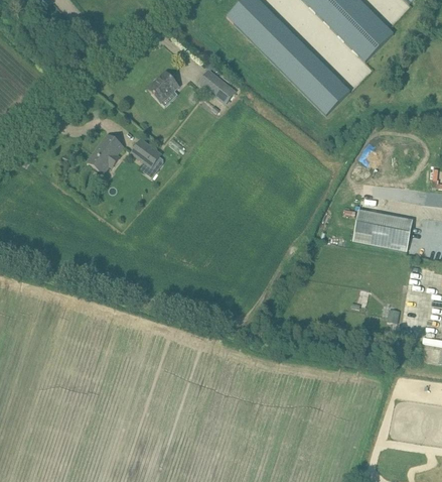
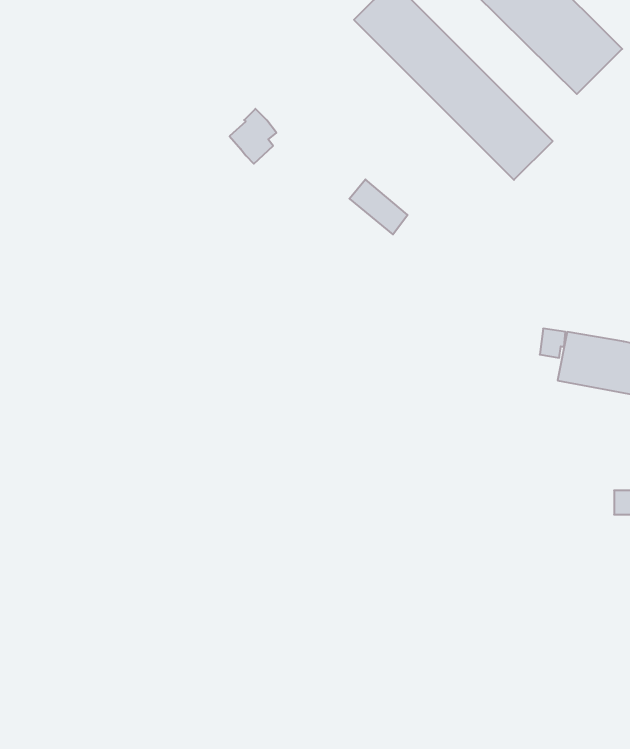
building: [197,68,234,102] -> [349,179,408,234]
building: [86,134,122,171] -> none
building: [129,137,161,176] -> none

